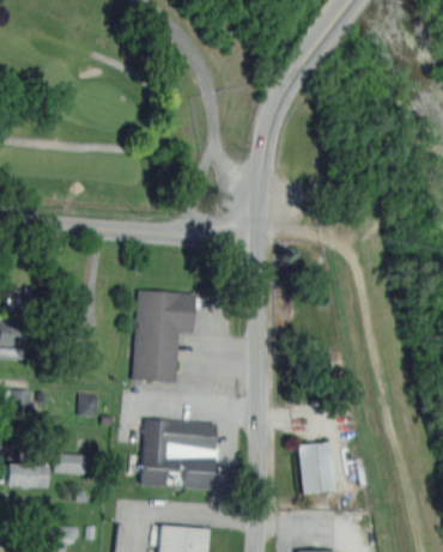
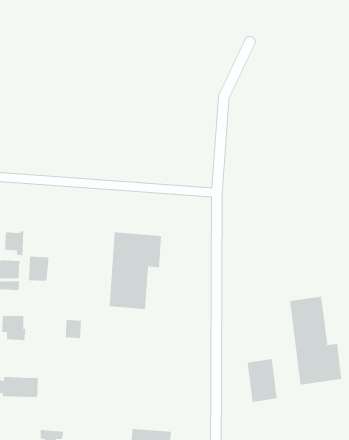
building: none -> [28,256,49,282]
building: none -> [289,296,342,386]
building: [140,418,216,489] -> none
building: [54,454,85,474] -> none

